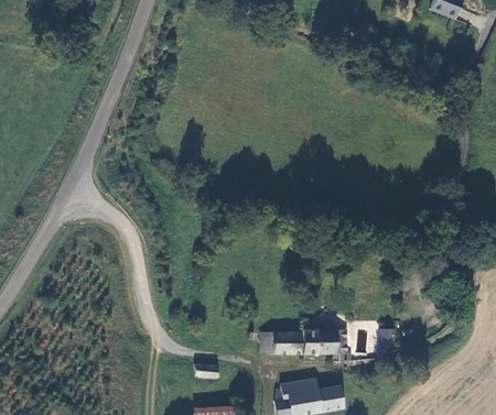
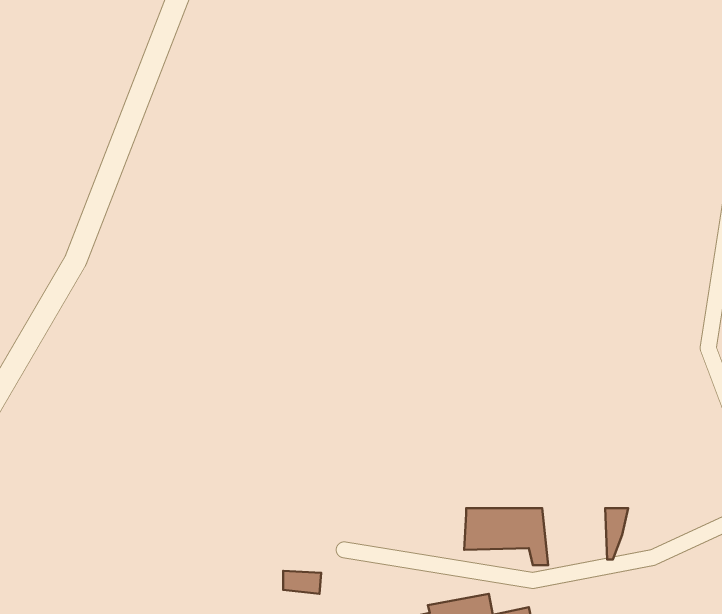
building: [260,331,301,352] -> none

